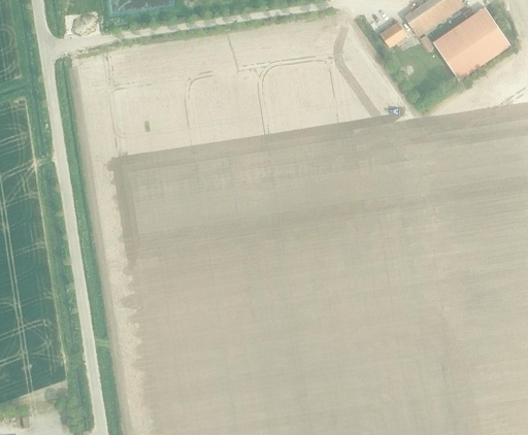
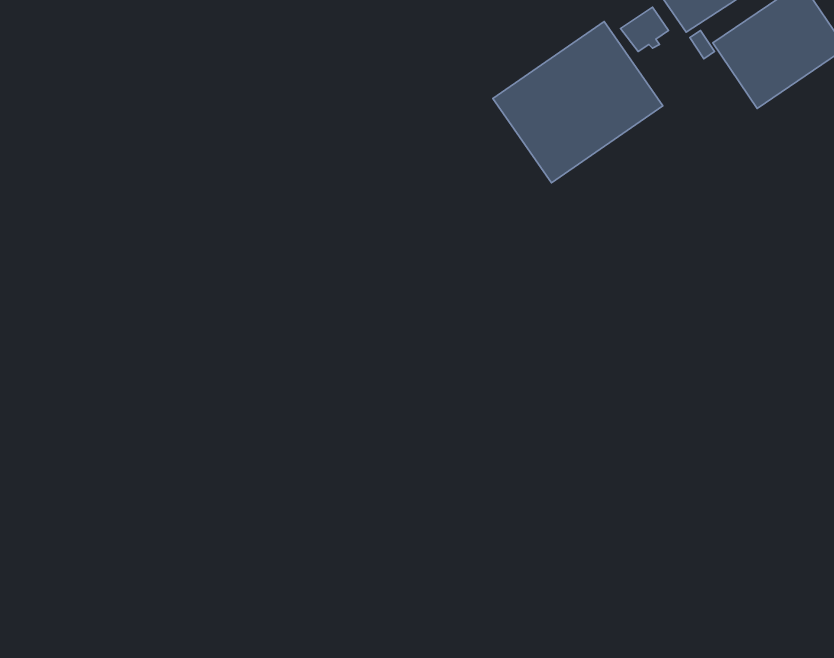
building: none -> [493,22,663,183]

